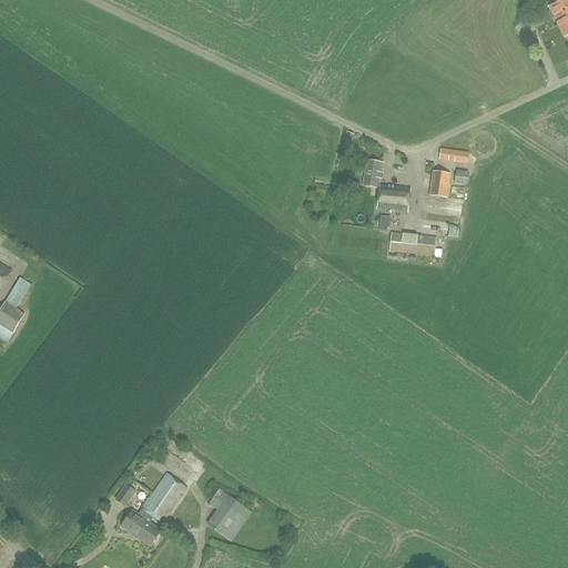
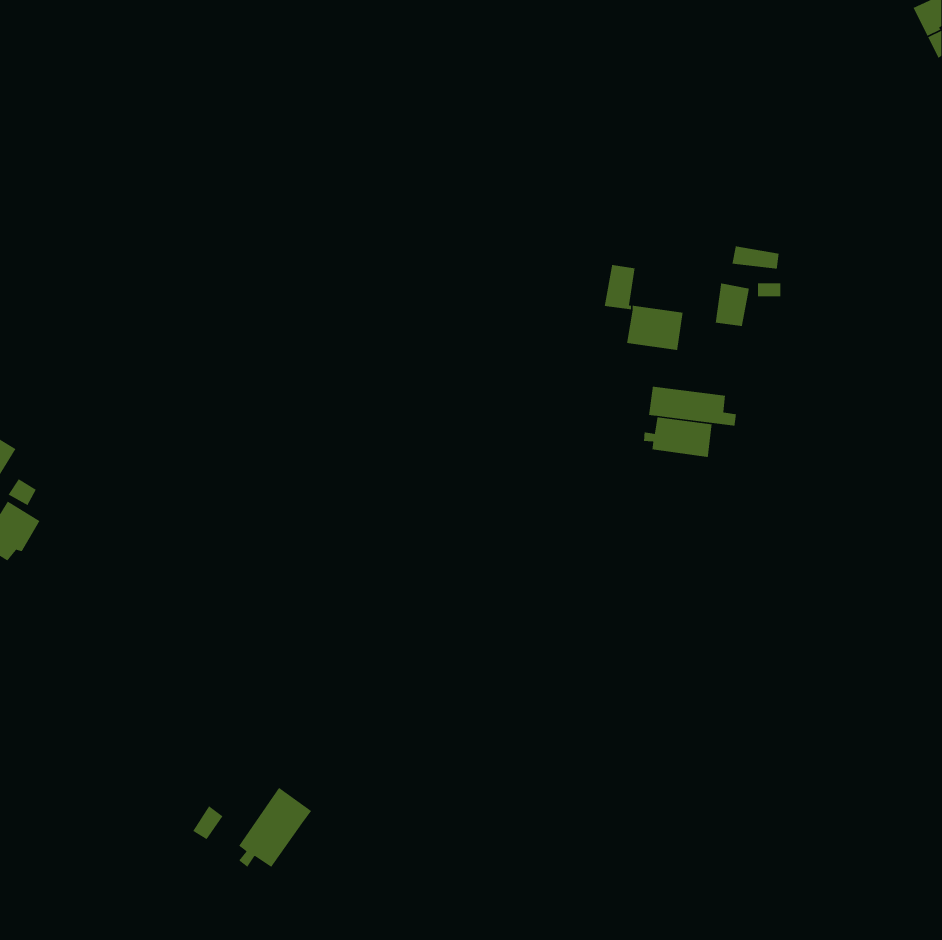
building: none -> [643,417,712,458]
building: [206,487,252,539] -> none
building: [121,509,161,545] -> none

